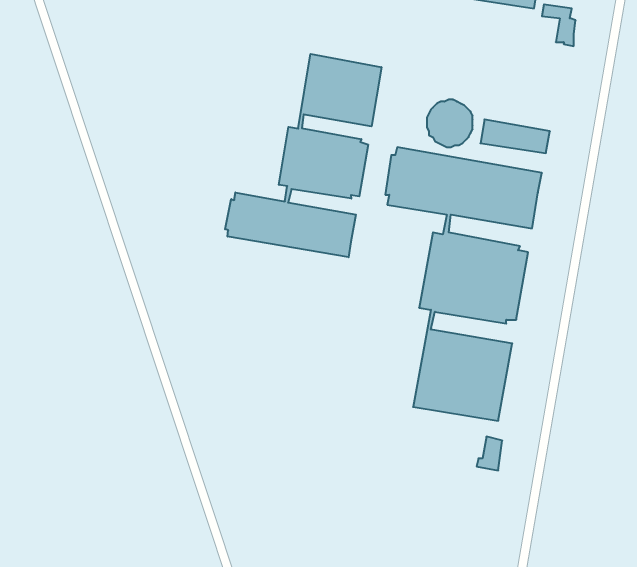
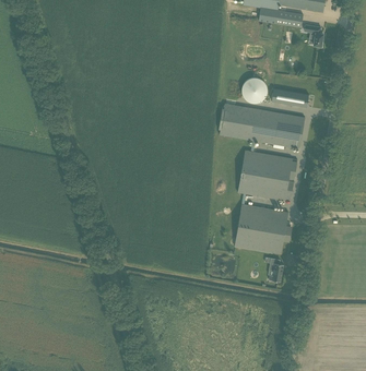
building: [225,54,381,257] -> none

